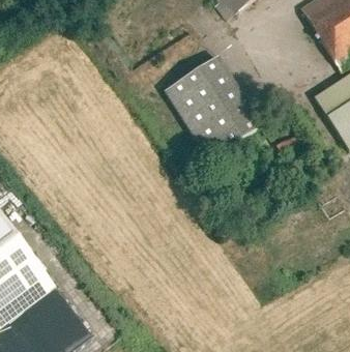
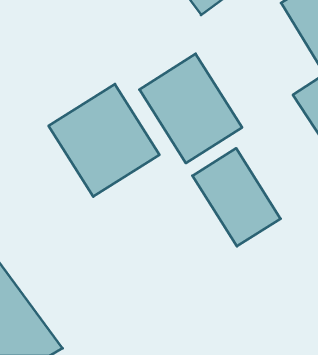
building: none -> [49,84,159,197]
building: none -> [192,148,281,246]

